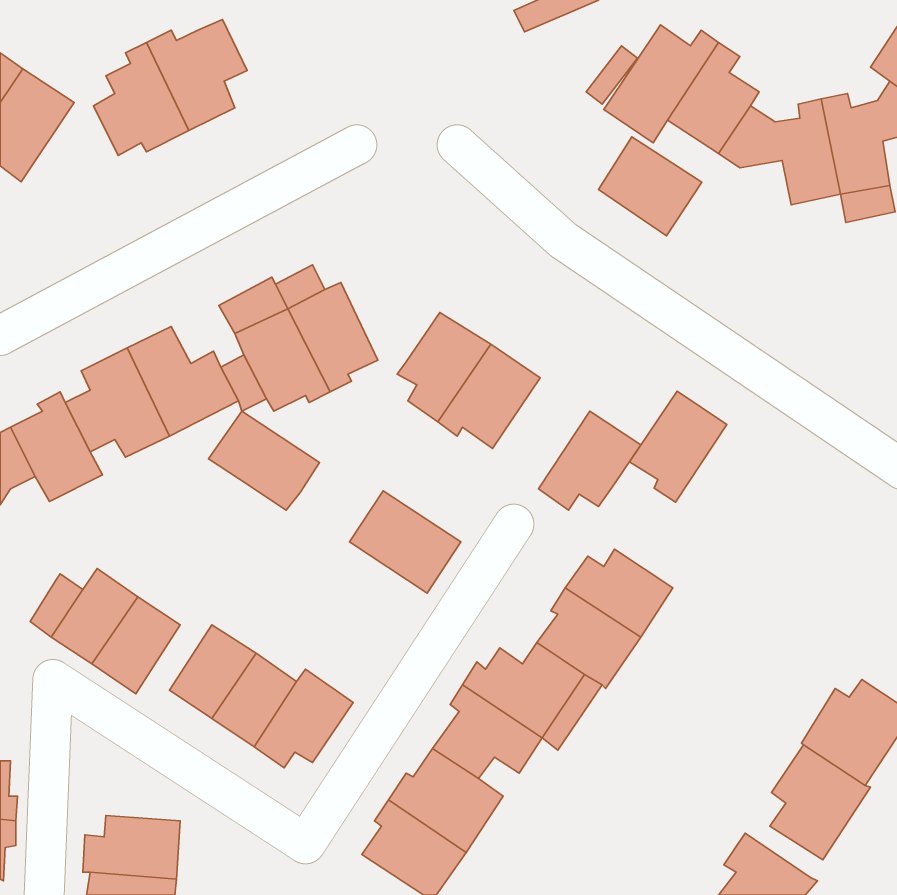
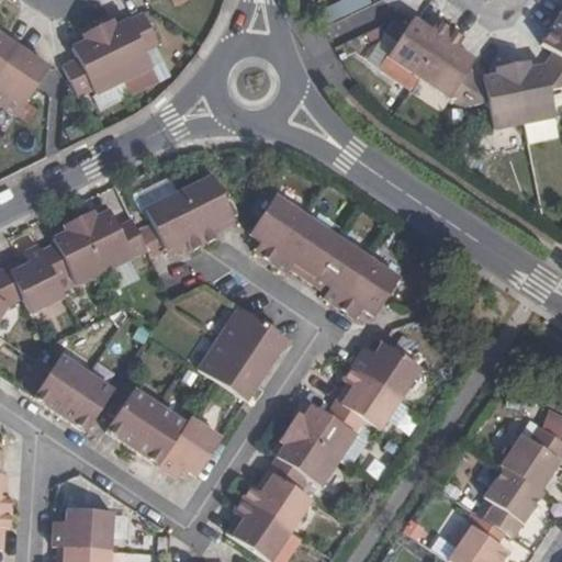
building: [598,137,702,236] -> none
building: [630,391,727,502] -> [310,235,370,304]
building: [208,411,320,510] -> [200,337,269,398]

